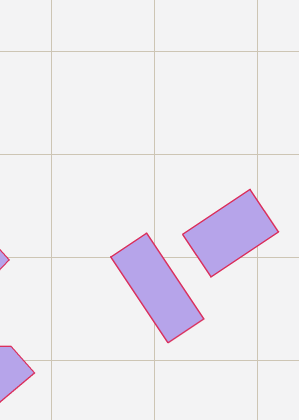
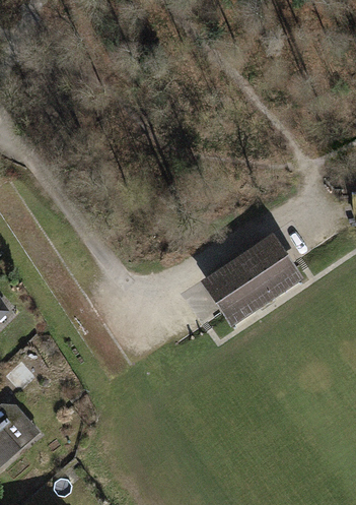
building: [111,233,204,343] -> none

